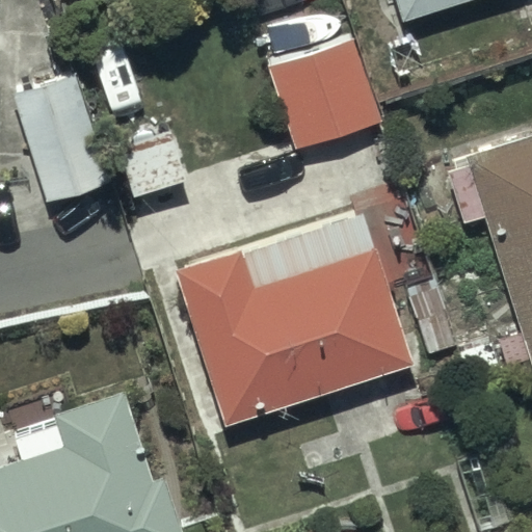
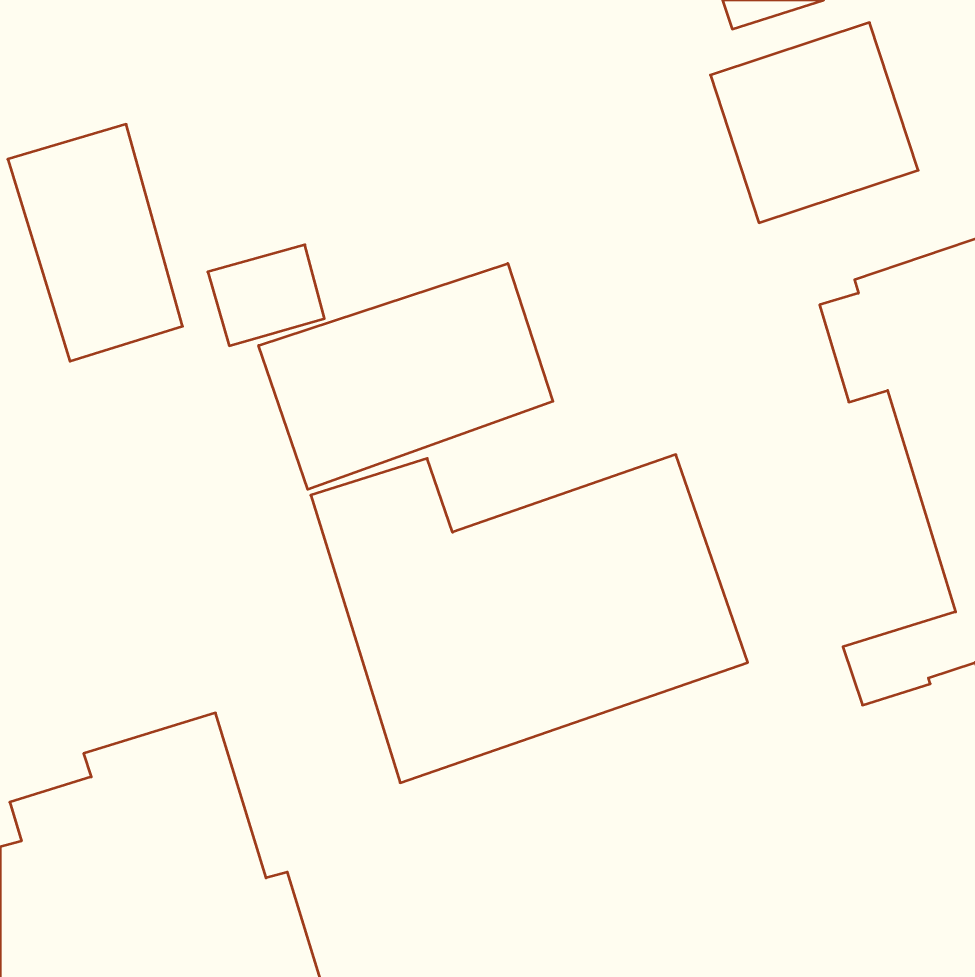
building: [271,41,382,148] -> [710,23,918,223]
building: none -> [259,263,553,489]

